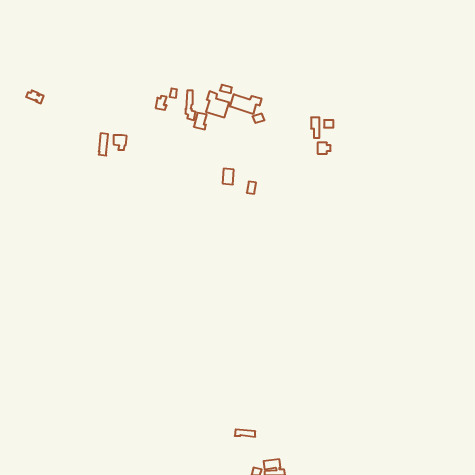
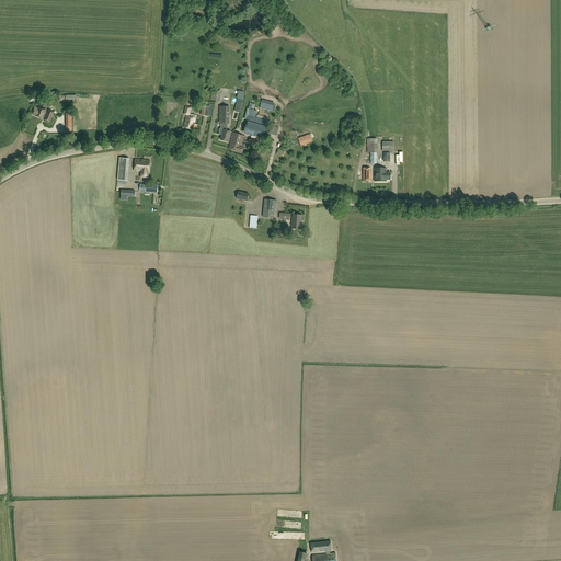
building: [230,94,261,114] -> none

